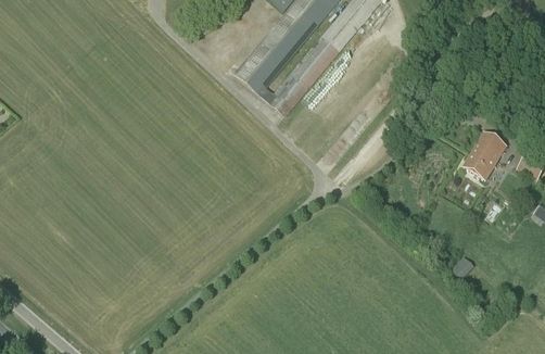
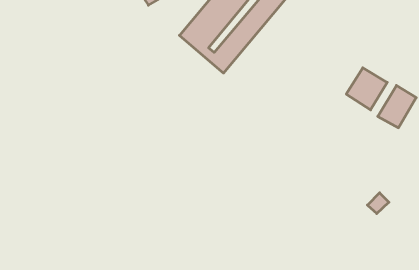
building: none -> [346,68,387,110]

